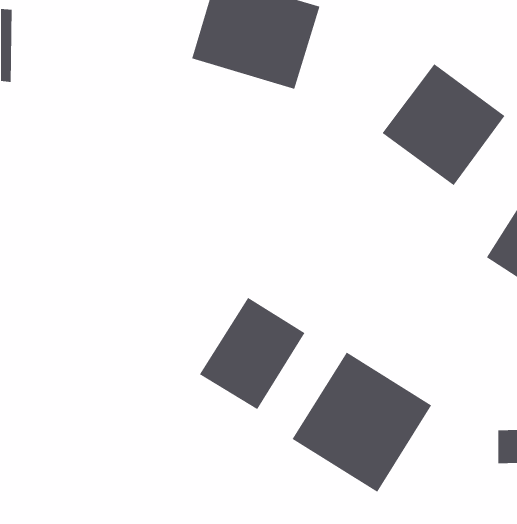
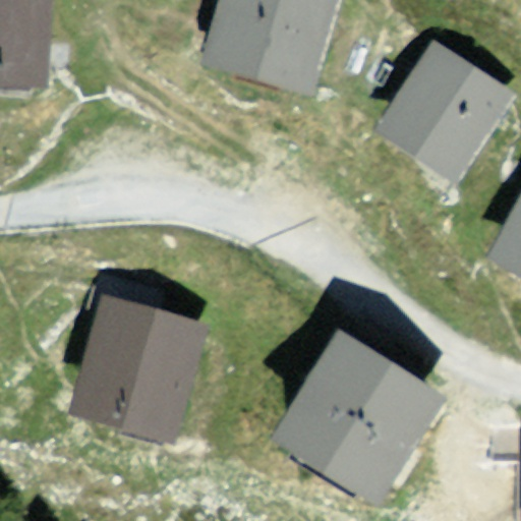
building: [199,297,305,410] -> none
building: none -> [74,298,198,426]

